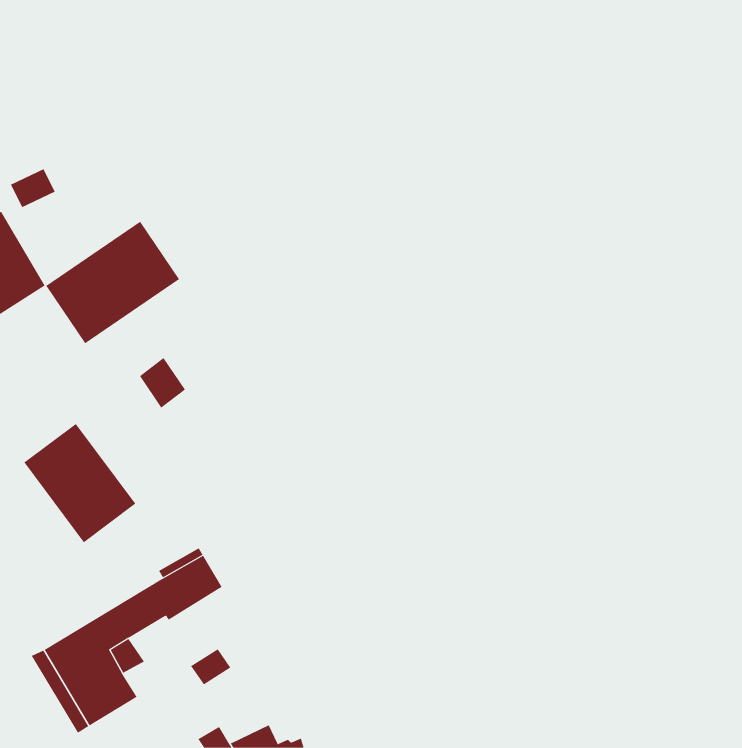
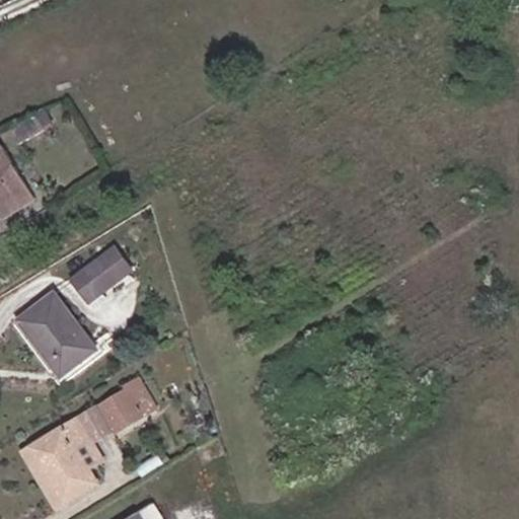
building: [45,221,180,344] -> none
building: none -> [69,261,112,302]

